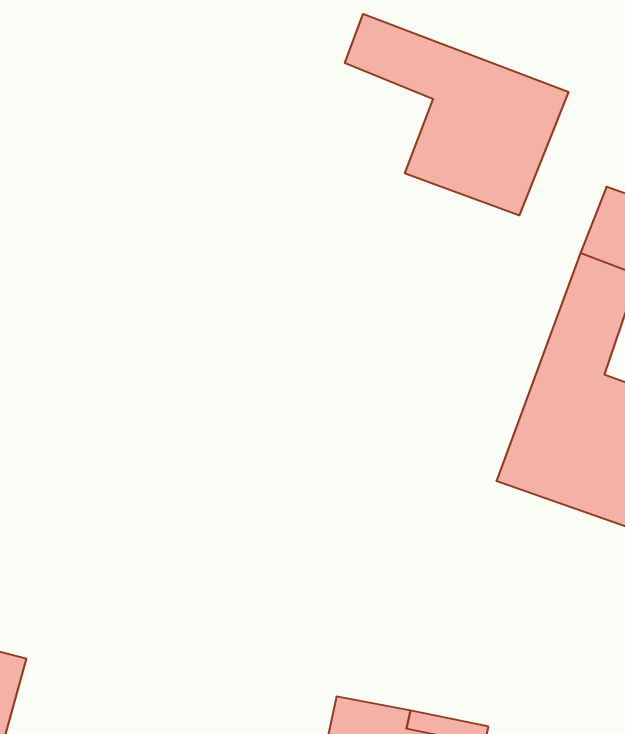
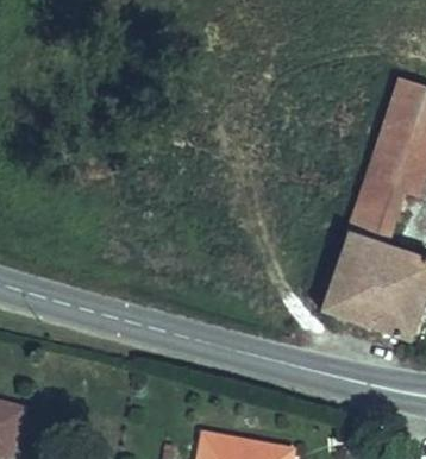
building: [345,14,568,215] -> none

